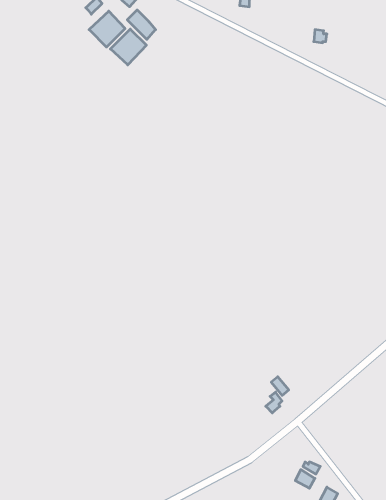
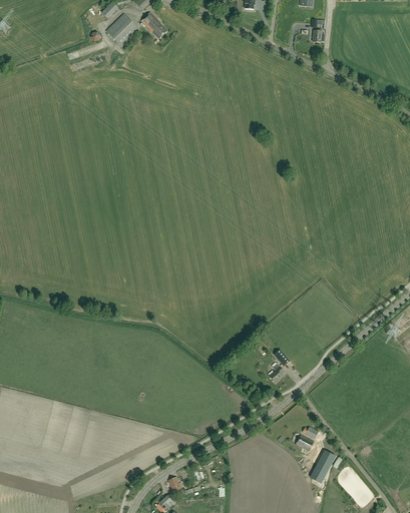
building: [110,29,146,65] -> none

